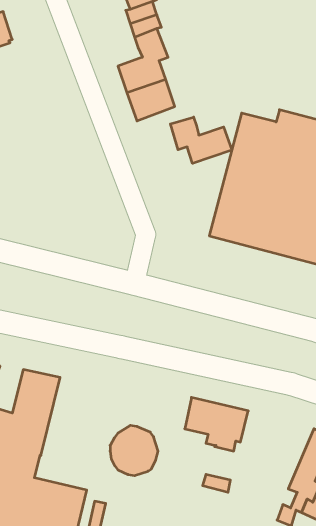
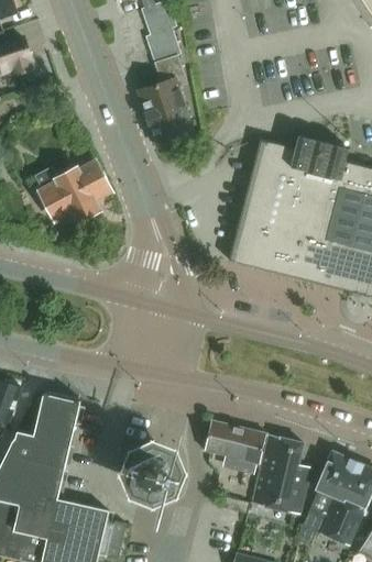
building: [170,117,232,163] -> none
building: none -> [36,163,111,220]
building: none -> [253,434,310,513]

